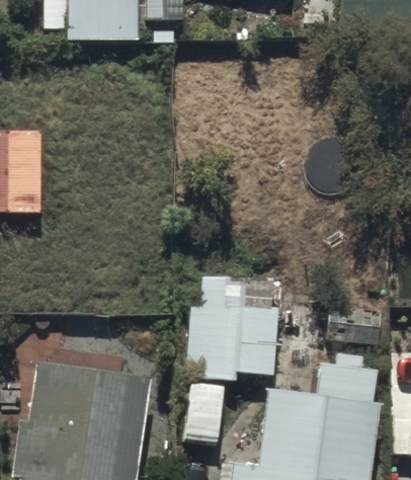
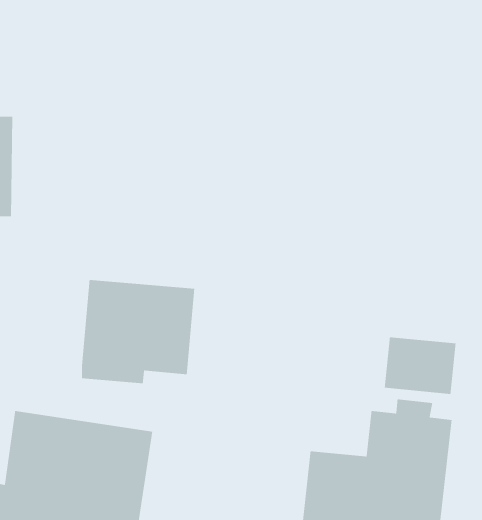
building: [188,294,277,376] -> [81,279,195,384]

